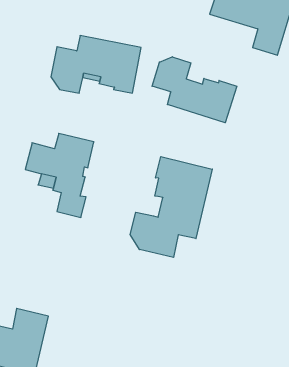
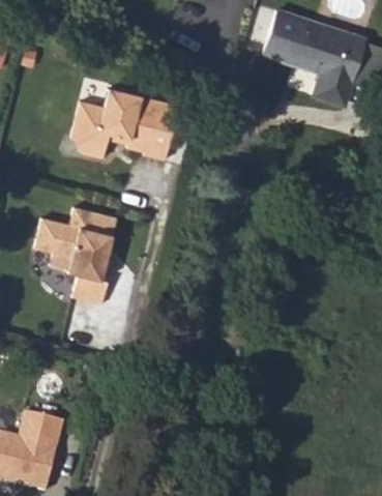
building: [152,57,237,123] -> none
building: [130,157,212,257] -> none

